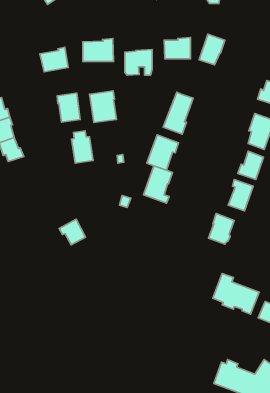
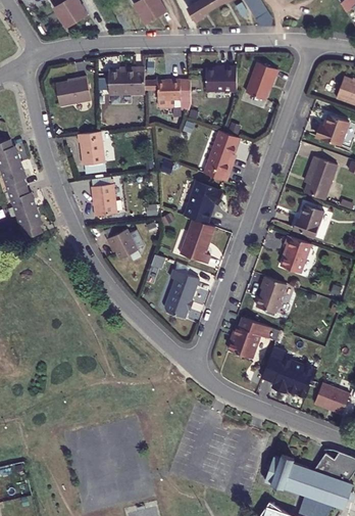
building: [90,91,116,123] -> none
building: none -> [18,208,43,239]
building: none -> [166,270,200,319]
building: [59,219,86,245] -> [109,230,141,261]
building: none -> [230,318,272,360]

